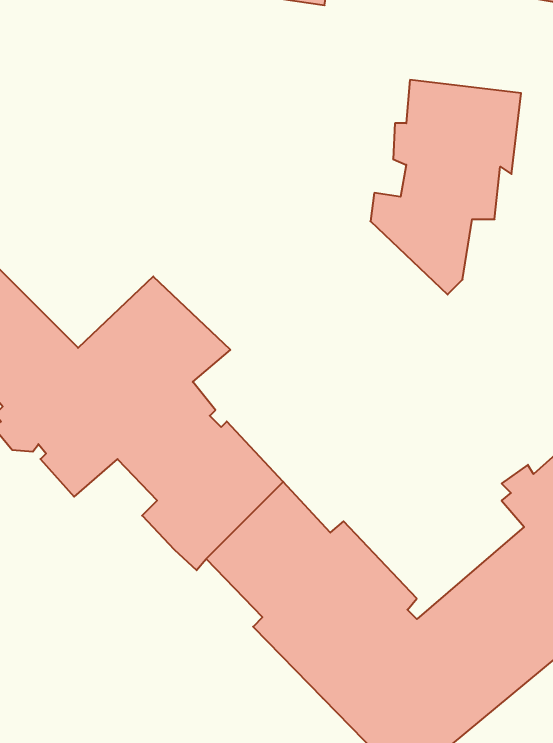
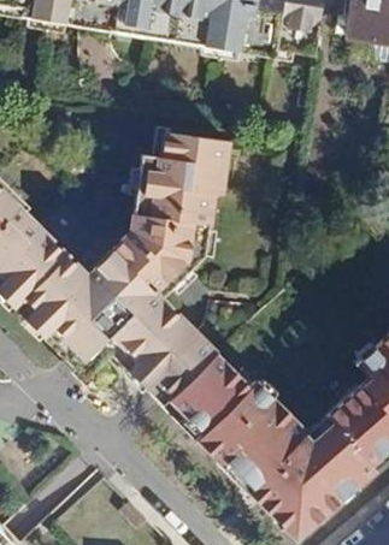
building: [370,80,521,295] -> [132,130,229,267]

